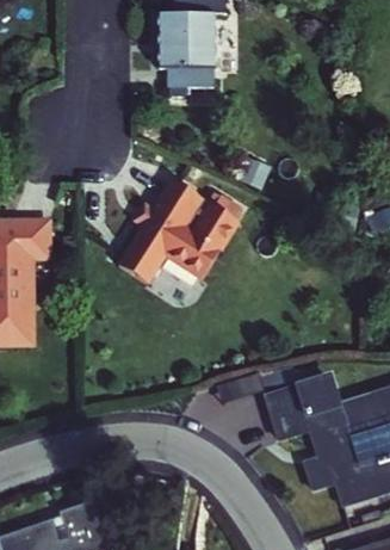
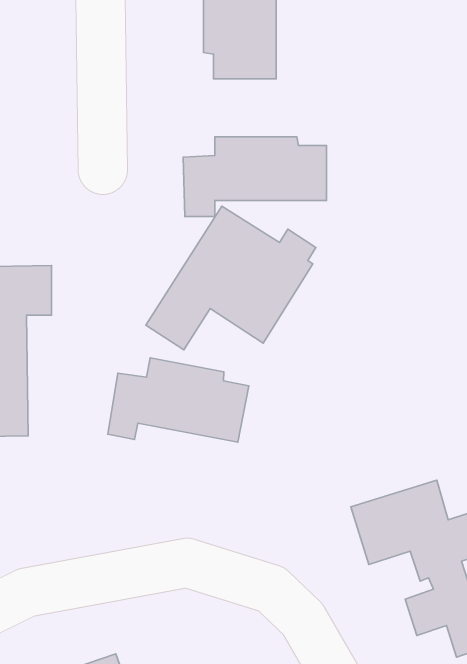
building: none -> [183,137,326,216]
building: none -> [108,358,249,442]

